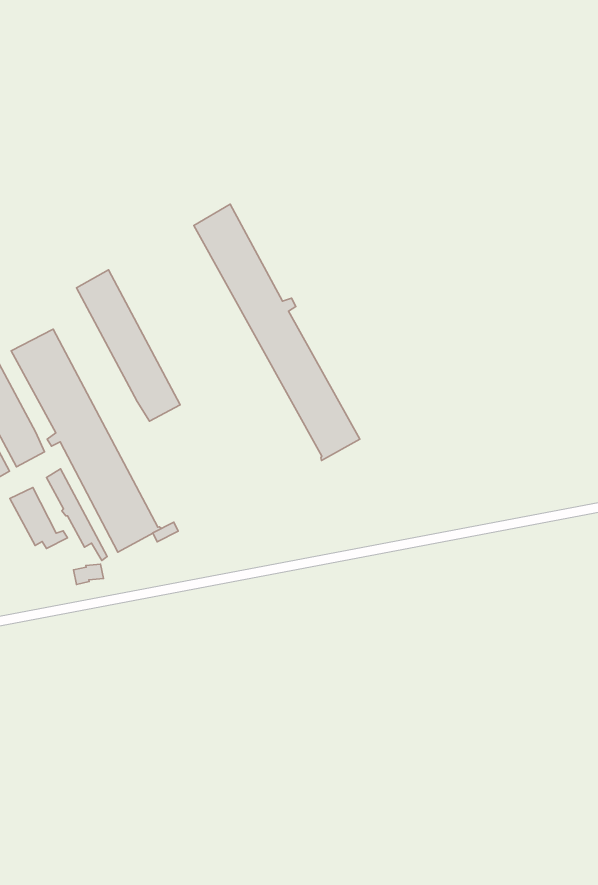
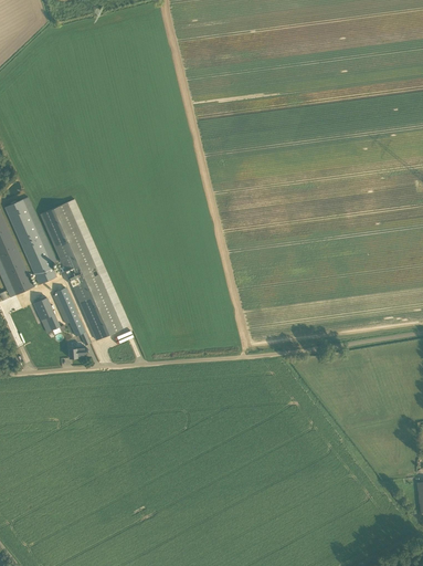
building: [194,204,360,461] -> none
building: [76,270,180,421] -> none

